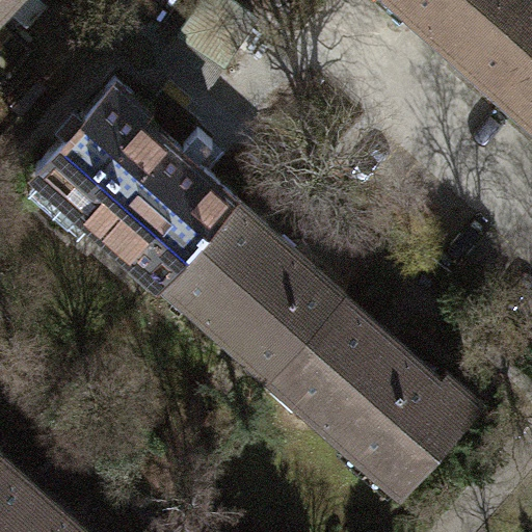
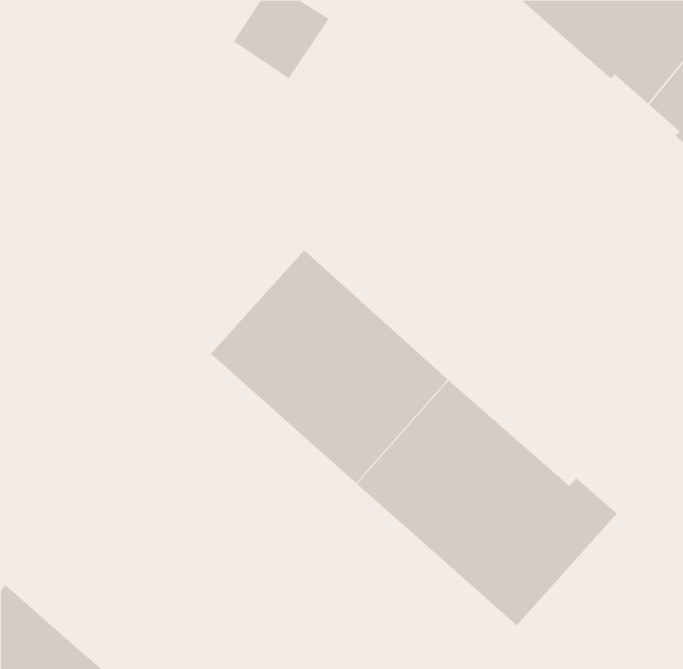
building: [37,86,238,288] -> none

